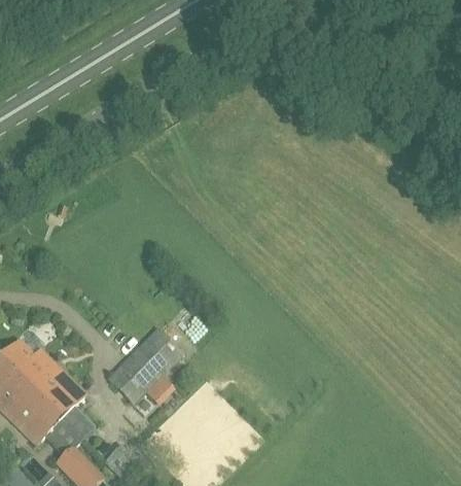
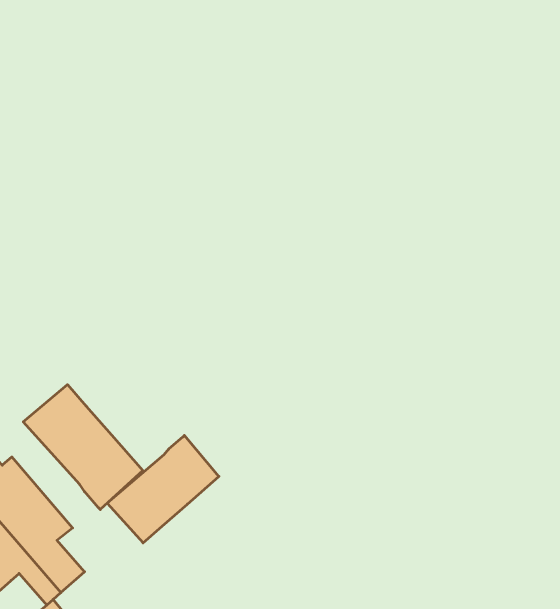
building: none -> [23,385,143,510]

